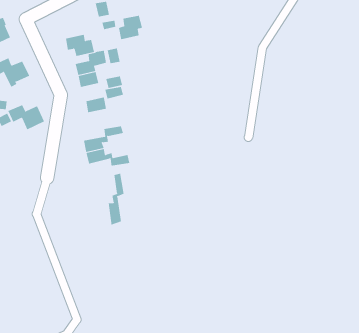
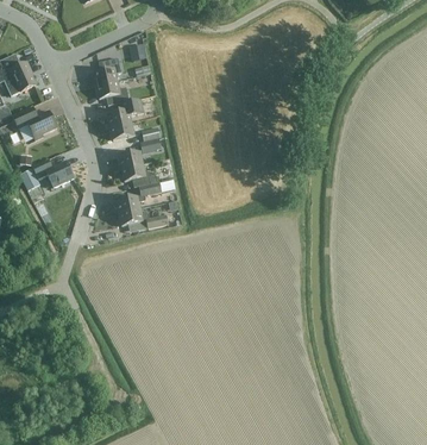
building: [118,15,143,40] -> [93,57,120,84]
building: none -> [120,163,156,187]
building: [108,173,124,226] -> none

